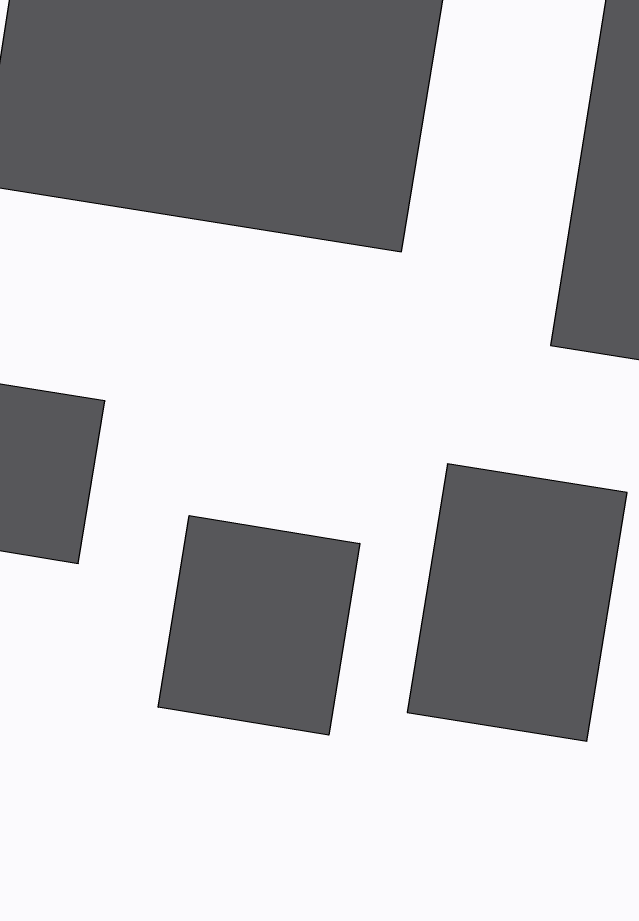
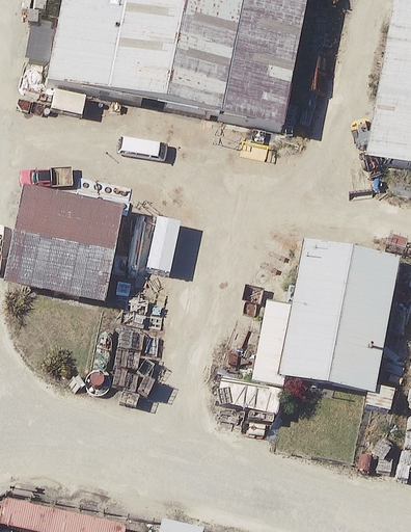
building: [158,516,360,735] -> none

